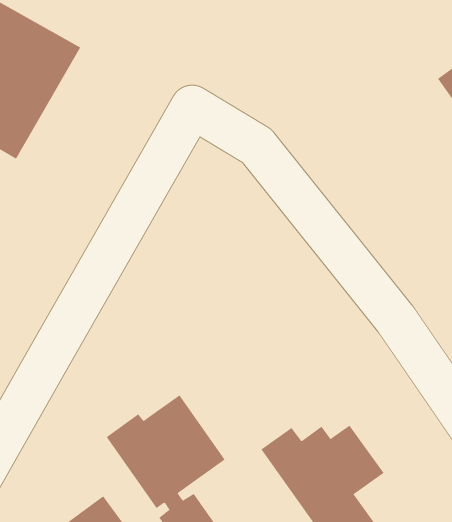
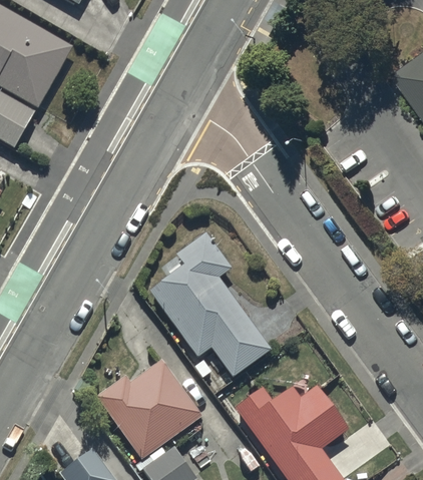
building: none -> [150,231,272,378]

